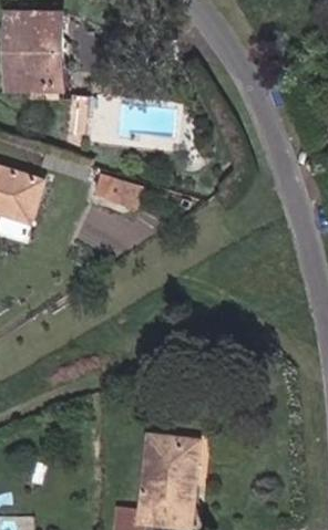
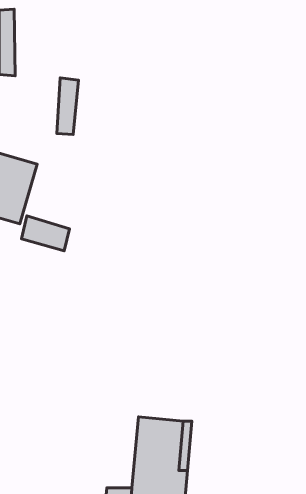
building: [21,19,61,86] -> none
building: [92,170,141,206] -> [22,216,70,251]

